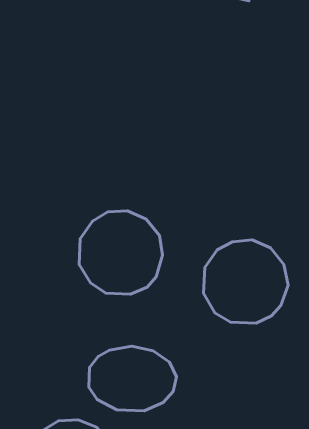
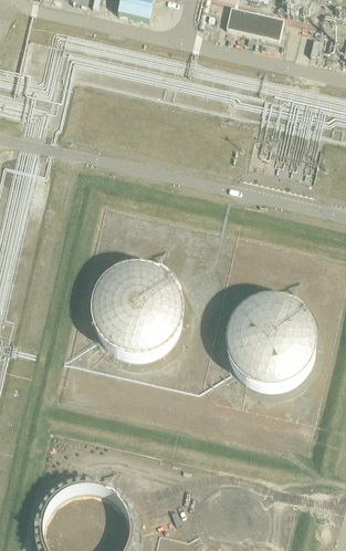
building: [89,346,177,411] -> none

